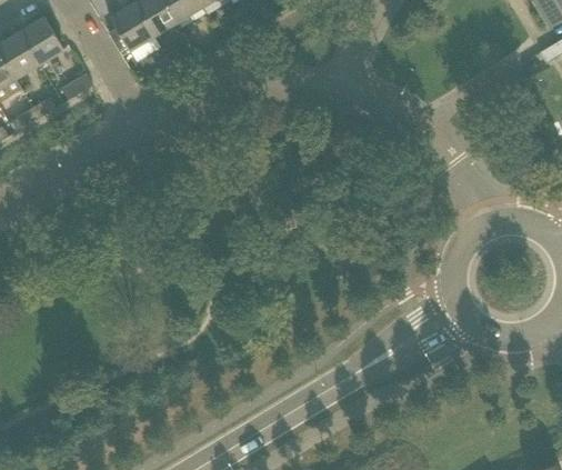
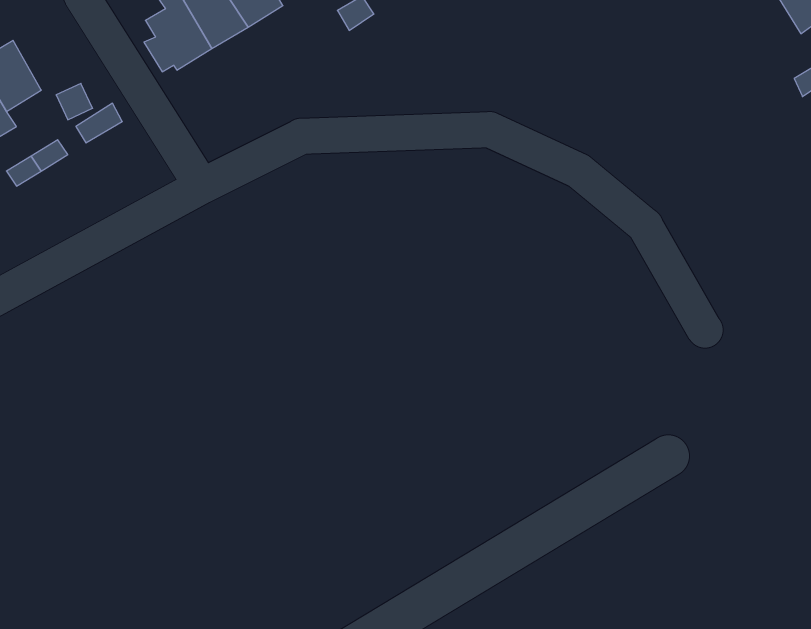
building: [20,16,64,64] -> none

